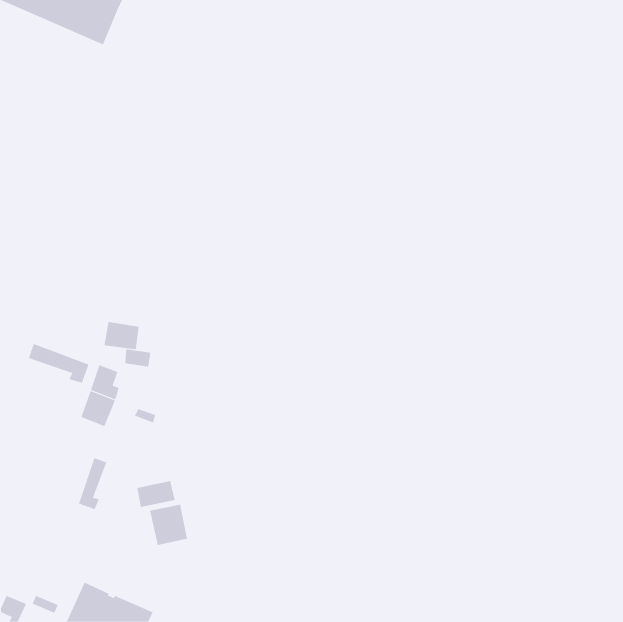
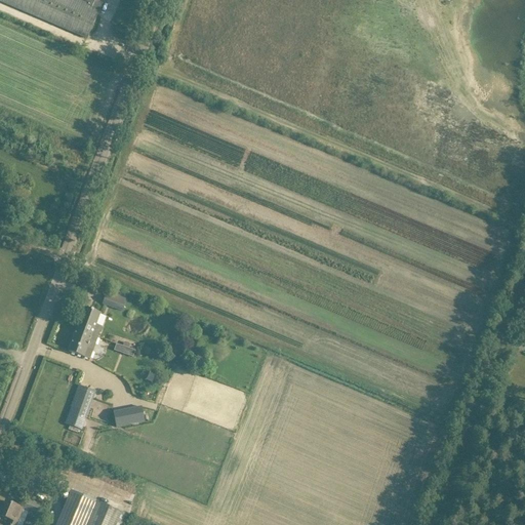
building: [104,321,139,350] -> none
building: [28,343,89,384] -> none
building: [149,504,187,546] -> none

